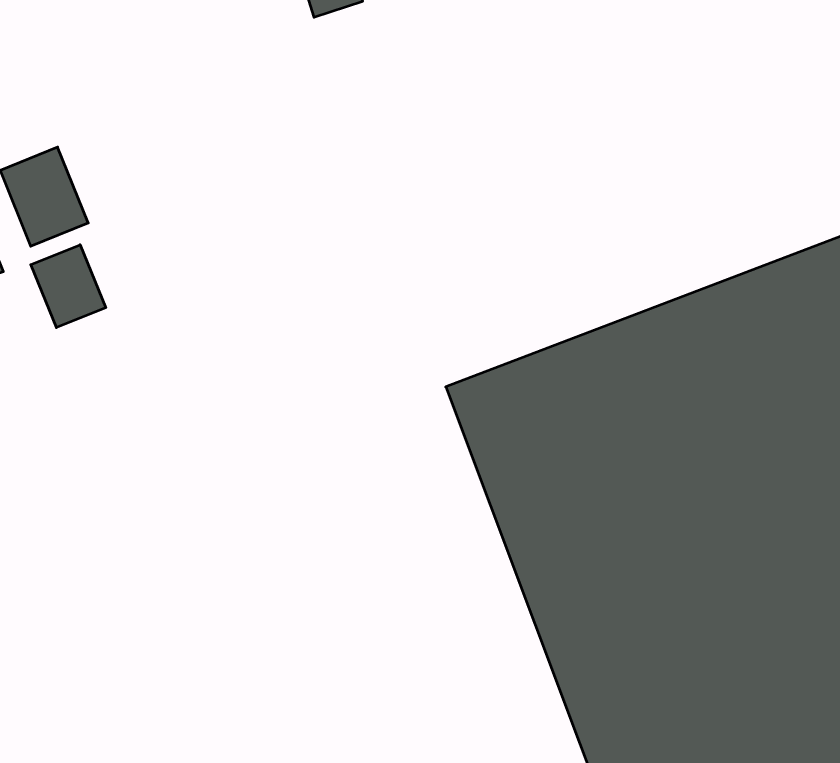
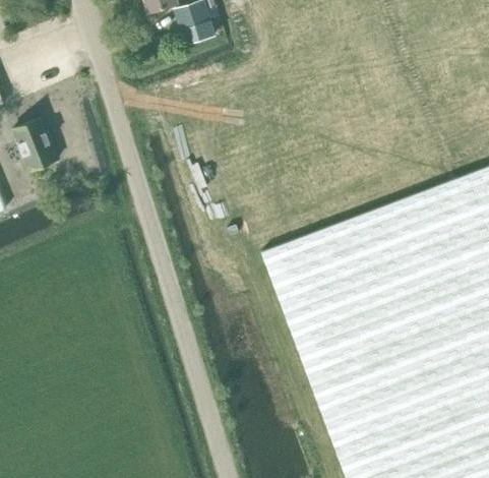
building: [31,245,106,328] -> none

